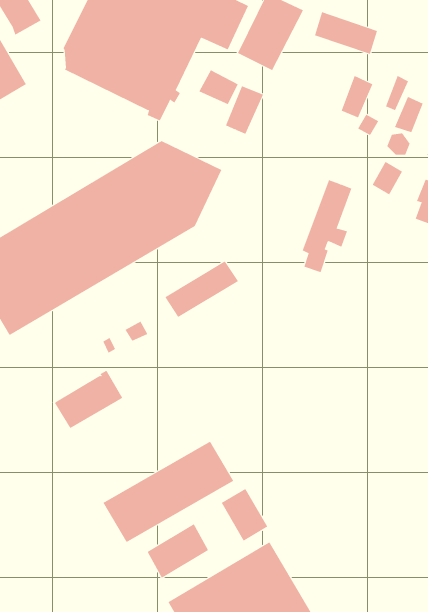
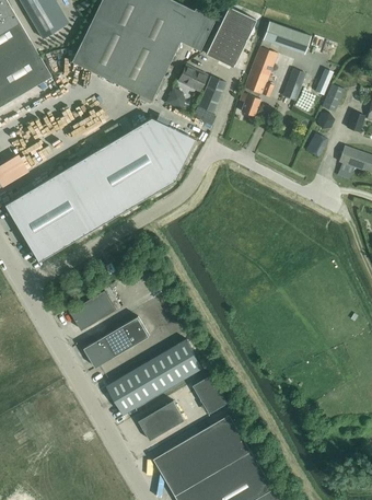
building: [302,179,352,273] -> [240,47,277,116]
building: [164,261,239,318] -> none
building: none -> [84,317,149,368]

